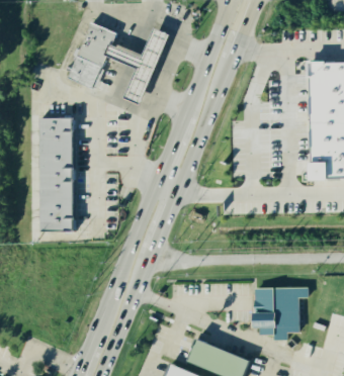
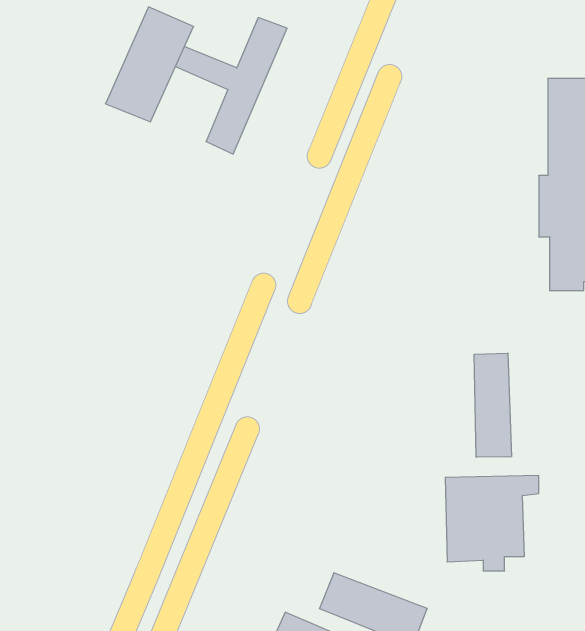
building: [41,117,73,228] -> none
building: none -> [474,353,511,457]

